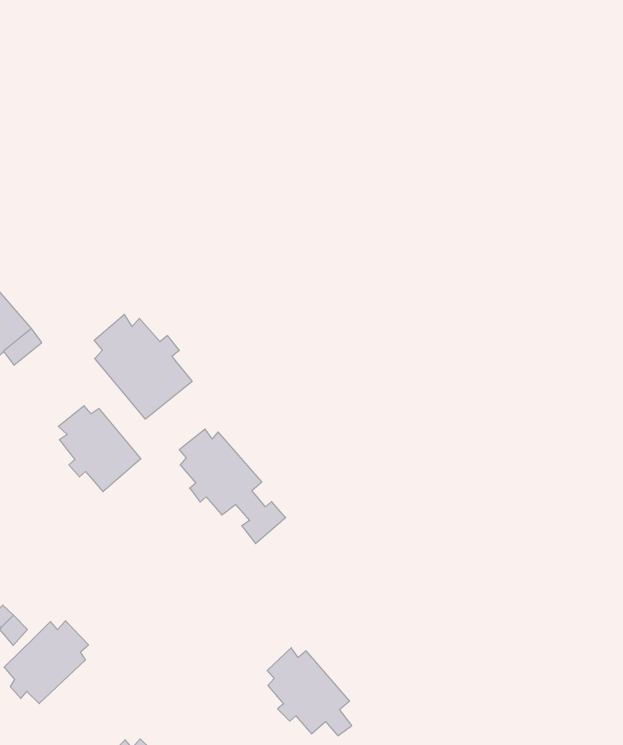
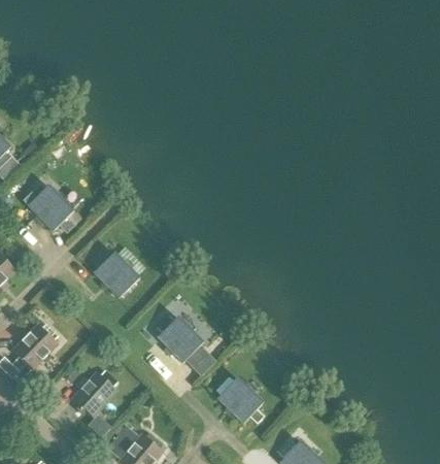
building: [94,314,192,419] -> none
building: [179,429,286,544] -> [156,316,216,376]

